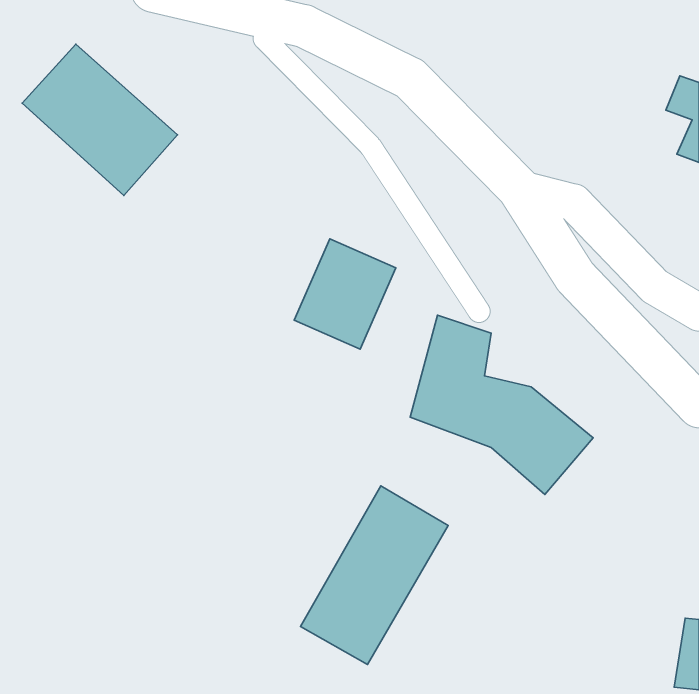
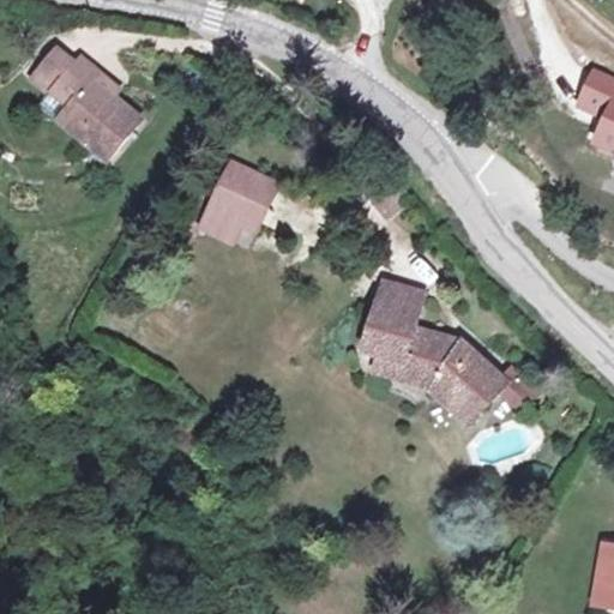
building: [294,239,396,349] -> [194,156,283,252]
building: [301,486,448,665] -> none

